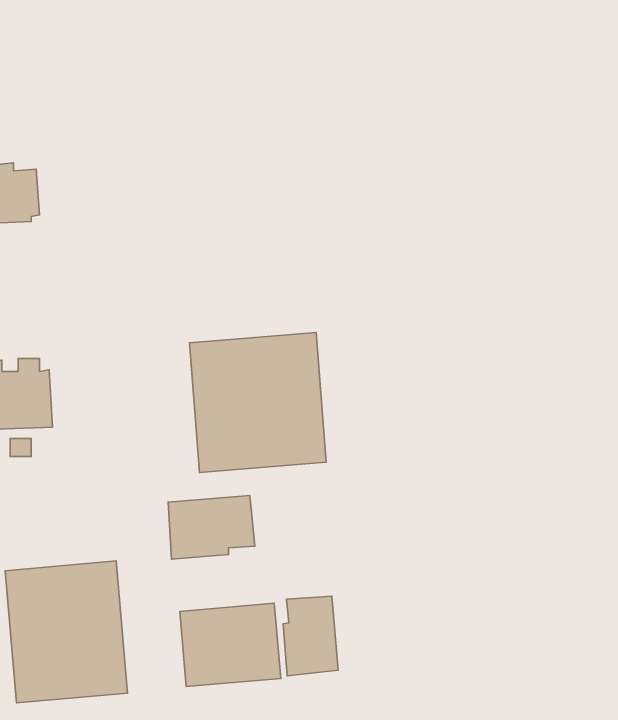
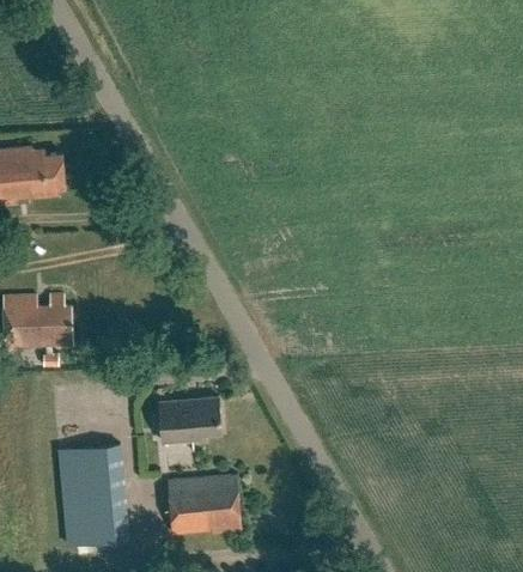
building: [189,333,326,472] -> none
building: [283,596,338,676] -> none

